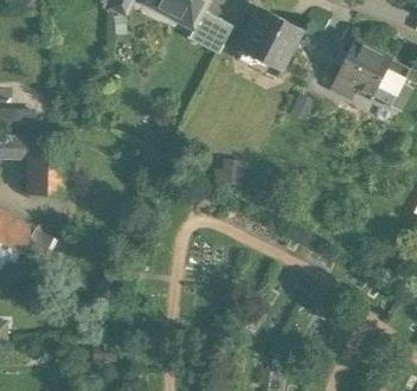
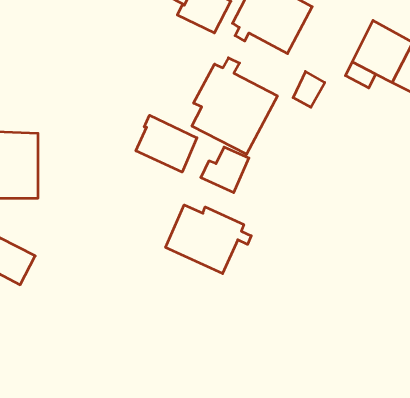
building: none -> [192,58,277,154]
building: none -> [136,115,197,172]
building: none -> [166,205,251,274]

